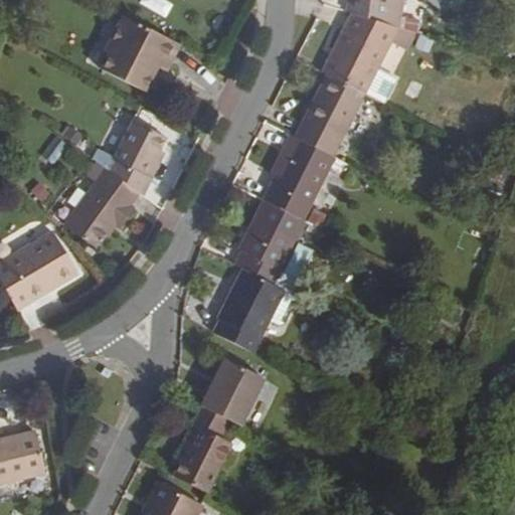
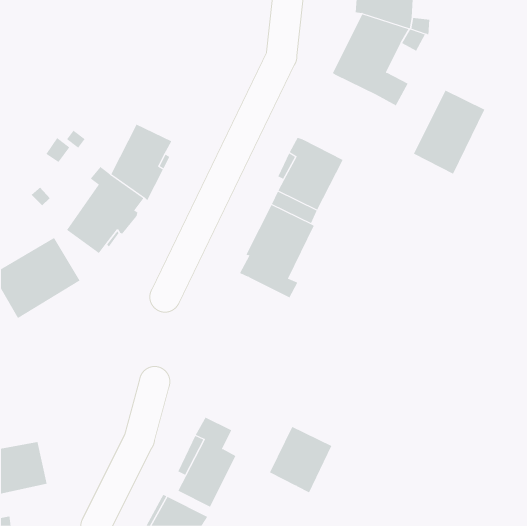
building: [101,15,180,92] -> none
building: [296,73,366,156] -> [413,90,485,174]
building: [215,271,283,353] -> none
building: [200,361,262,426] -> [269,426,332,493]

